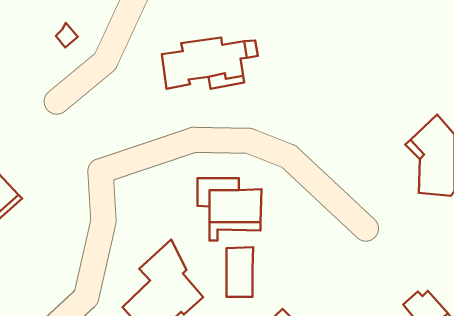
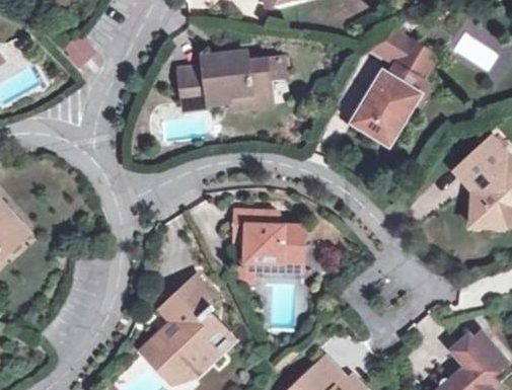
building: none -> [354,40,435,145]
building: [227,247,253,297] -> none

